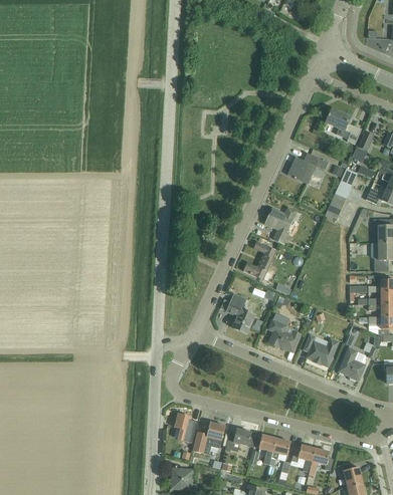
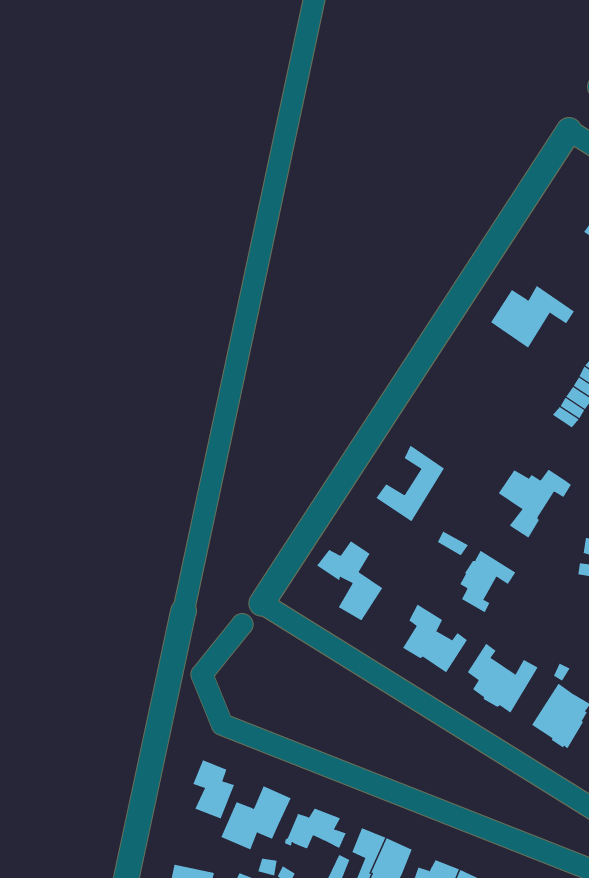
building: [264,207,301,243] -> [498,469,572,539]
building: none -> [460,550,516,613]

